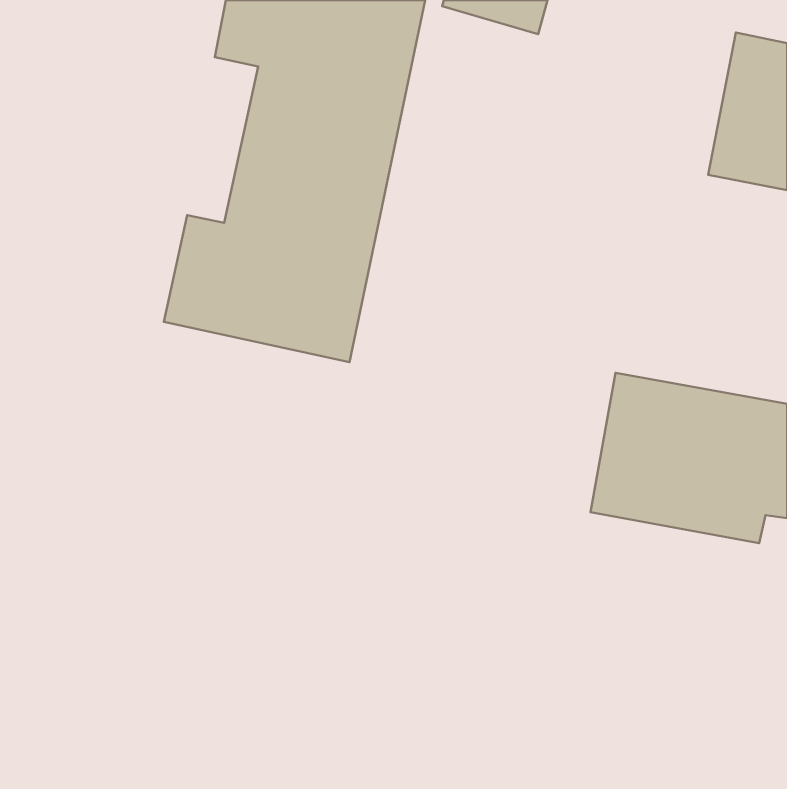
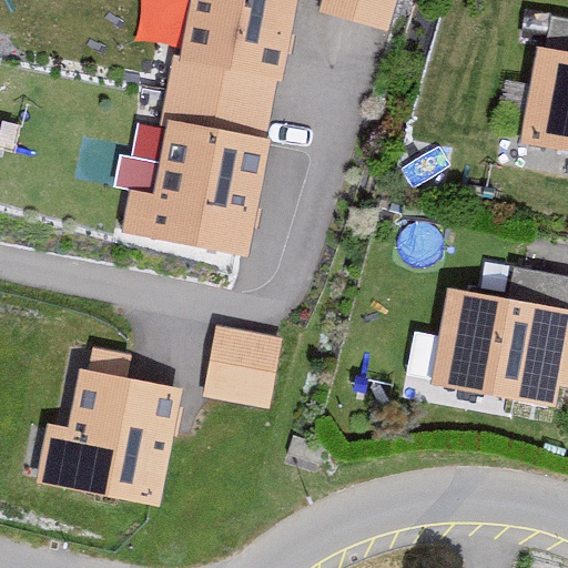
building: none -> [199,322,280,403]
building: none -> [34,344,183,508]

